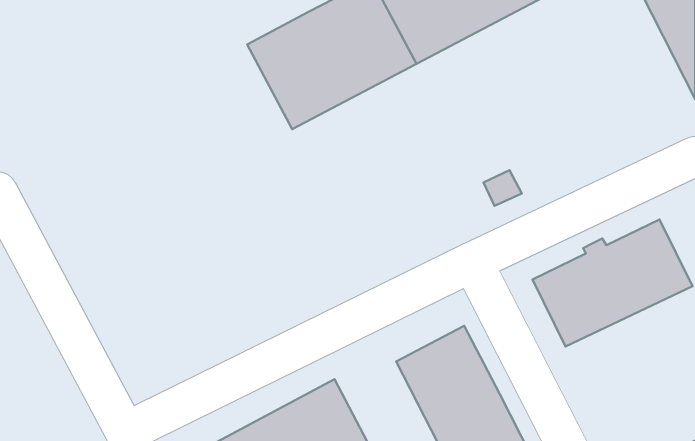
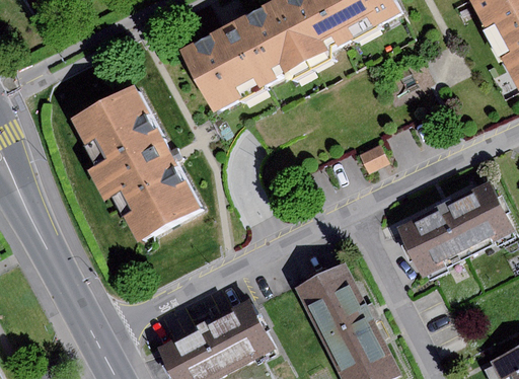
building: none -> [78,90,203,242]

